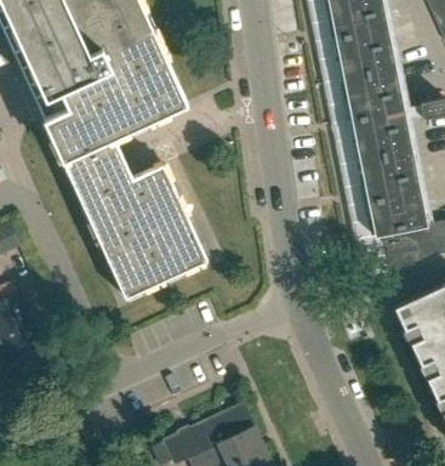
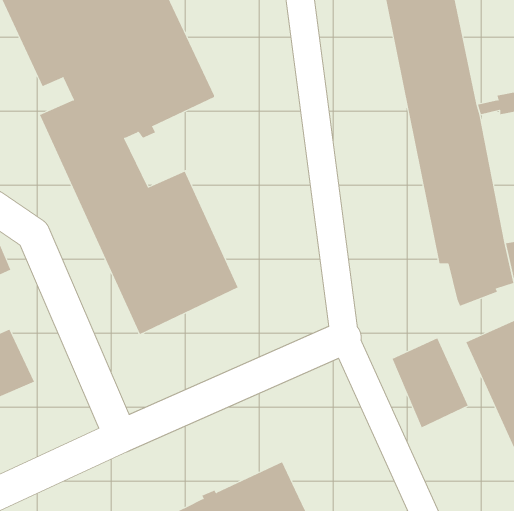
building: none -> [392,337,469,428]

